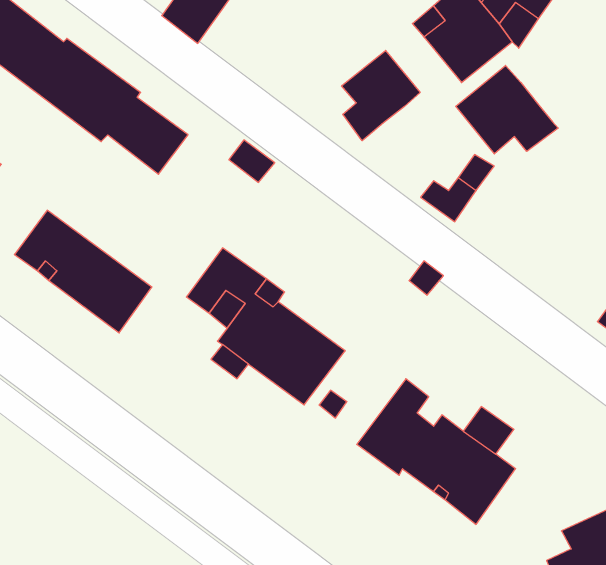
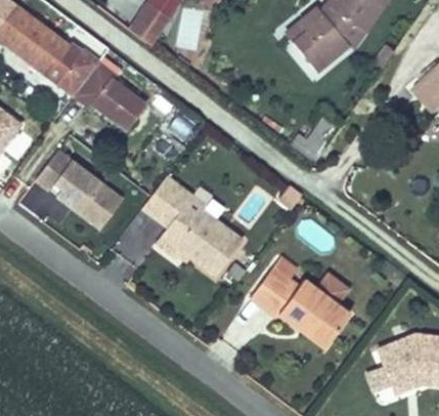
building: [342,50,420,141] -> none
building: [456,65,558,154] -> none

